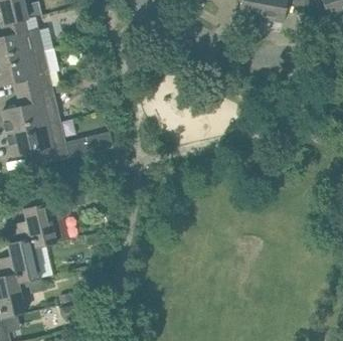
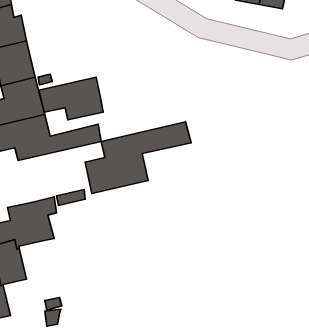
building: none -> [39,77,103,120]
building: none -> [85,122,191,194]

